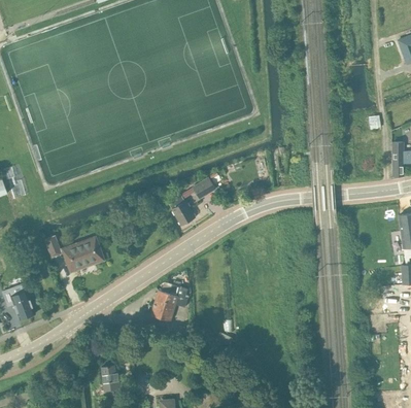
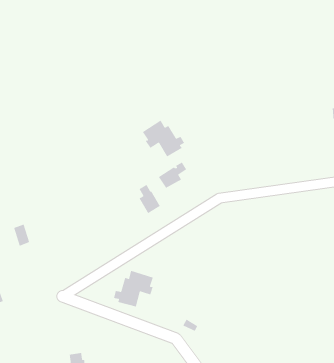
building: none -> [142,119,185,158]
building: [63,236,105,271] -> none

